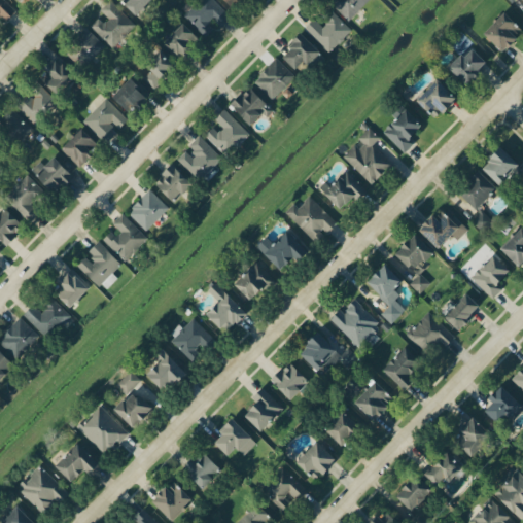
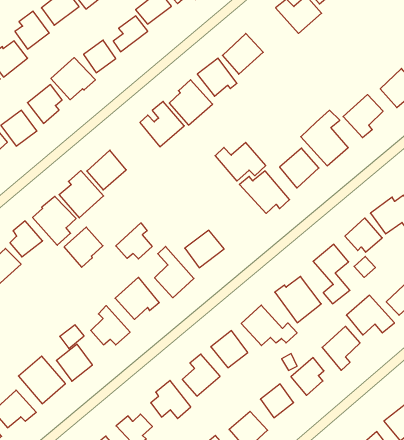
building: [281,33,320,68] -> none
building: [153,164,191,202] -> none
building: [256,230,309,270] -> [215,142,266,181]
building: none -> [116,223,152,259]
building: none -> [64,227,103,267]

